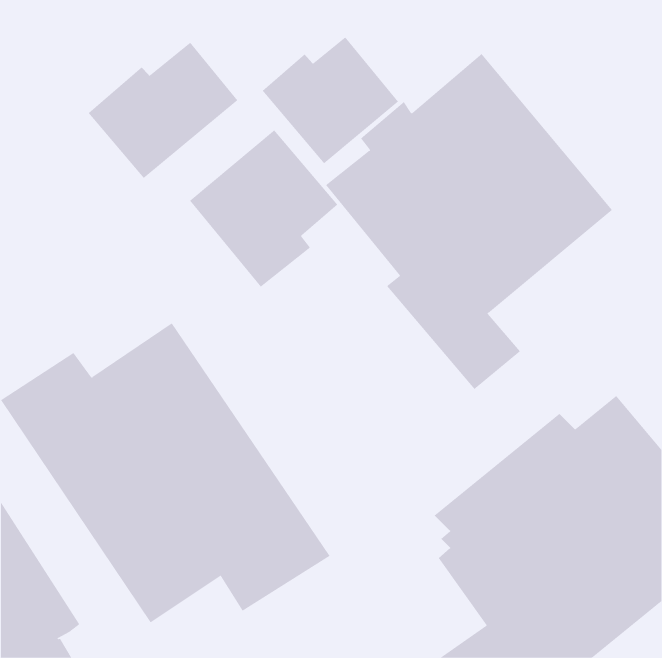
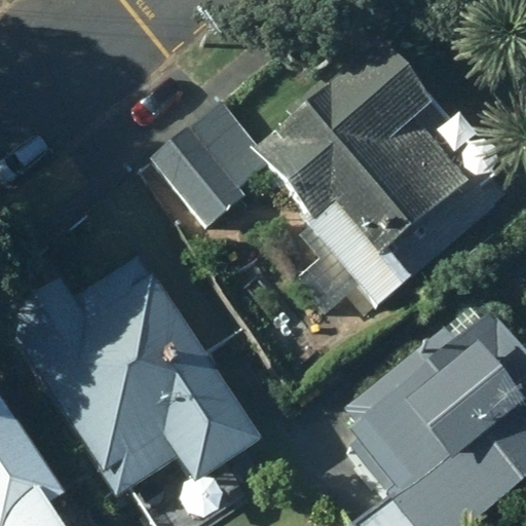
building: [262,37,399,164] -> none
building: [88,42,238,179] -> none

